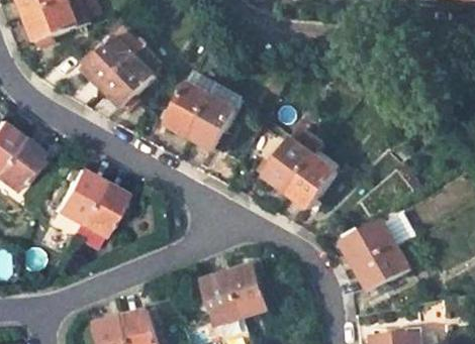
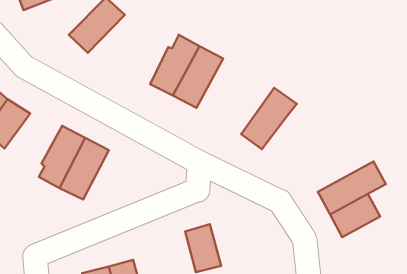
building: [98,49,155,110] -> none
building: [284,155,334,209] -> none
building: [228,265,267,317] -> none

